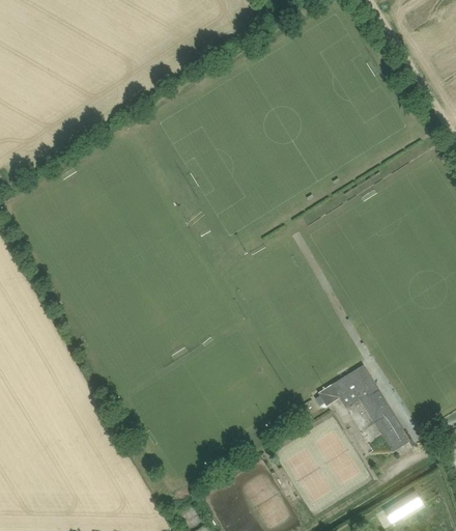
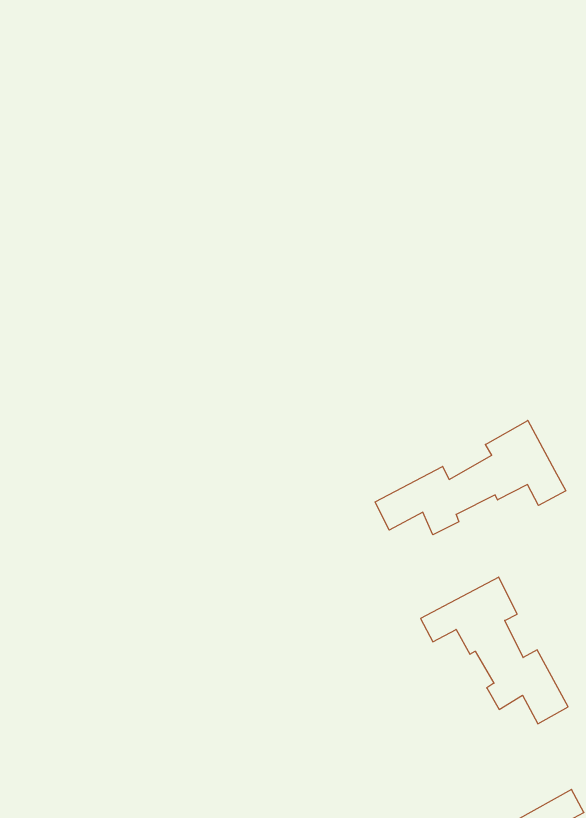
building: none -> [375,420,566,535]

